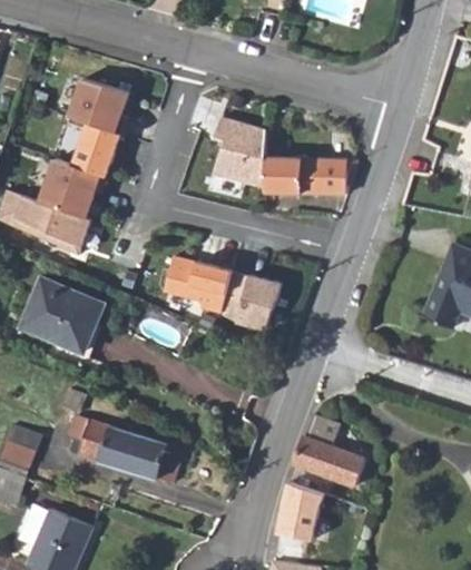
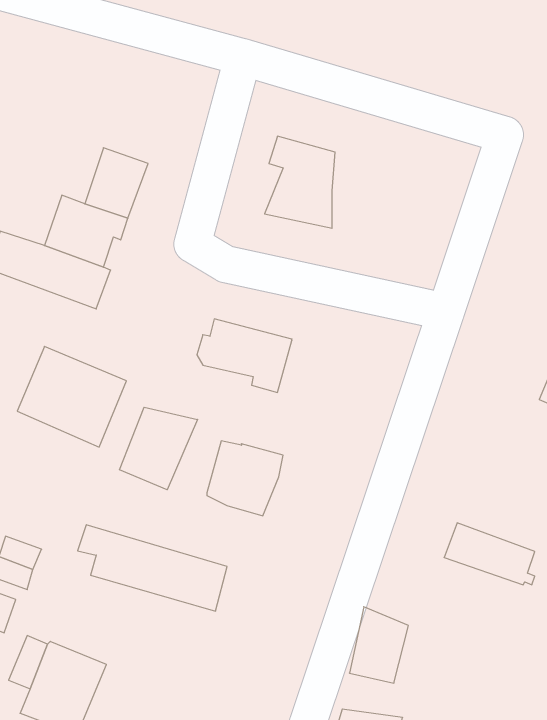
building: [69,77,129,136] -> none
building: [264,157,346,195] -> none
building: [222,273,281,331] -> [207,441,283,516]
building: none -> [120,407,198,490]
building: [294,435,364,483] -> [444,523,535,585]

